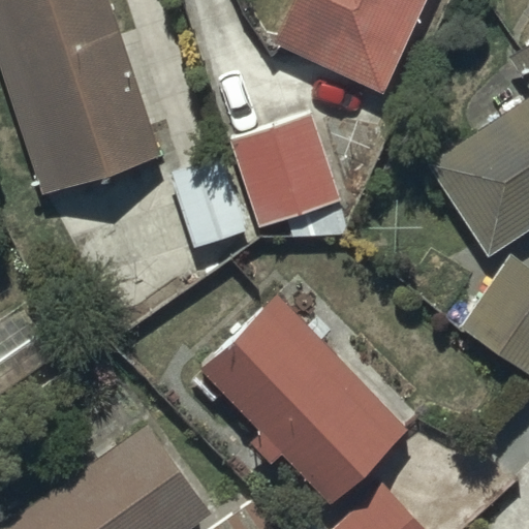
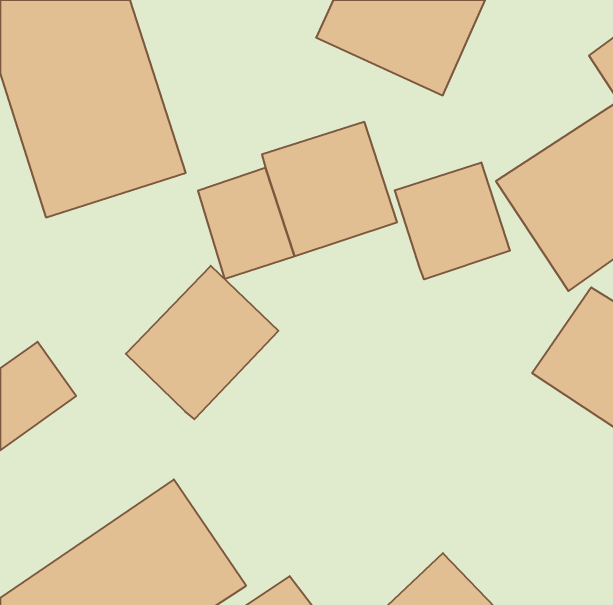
building: none -> [395,162,510,279]
building: none -> [126,266,278,419]
building: [201,295,405,500] -> none

